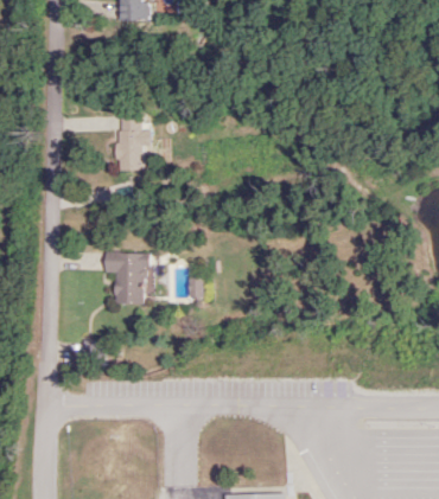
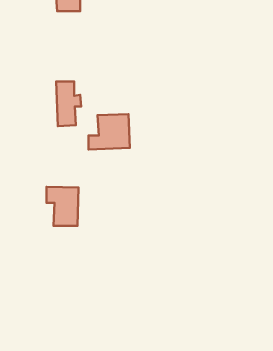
building: none -> [89,114,130,150]

